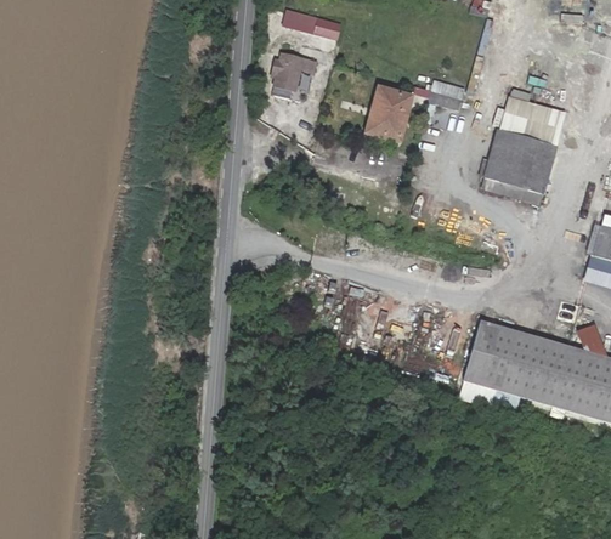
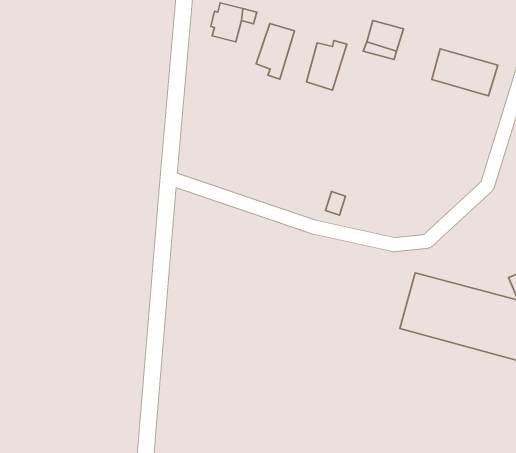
building: none -> [256,24,295,79]
building: [481,126,556,204] -> none

